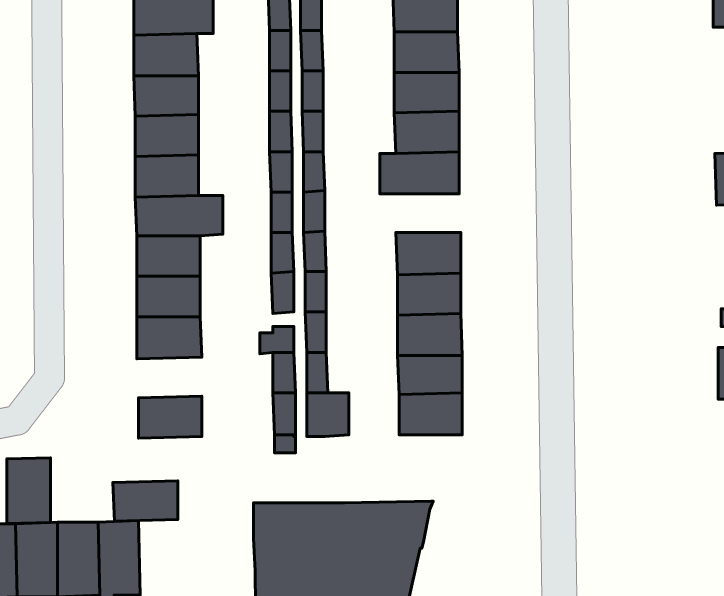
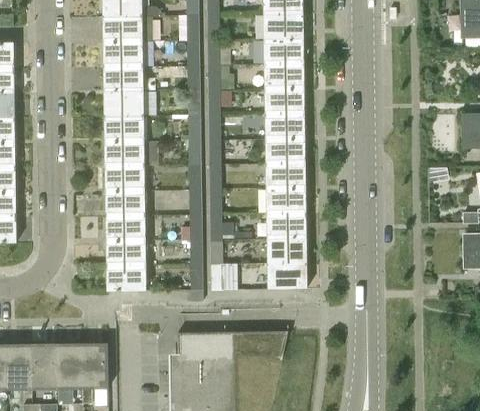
building: none -> [265,139,305,163]
building: [7,458,50,524] -> none
building: [113,481,178,521] -> [105,240,145,265]

